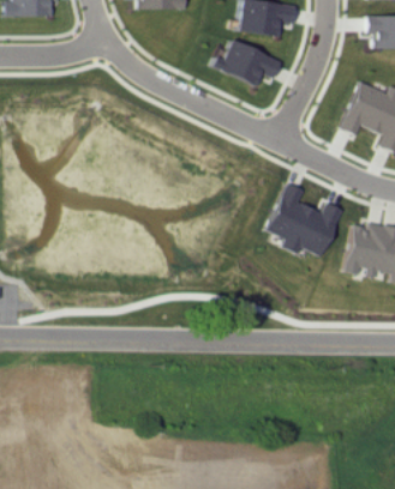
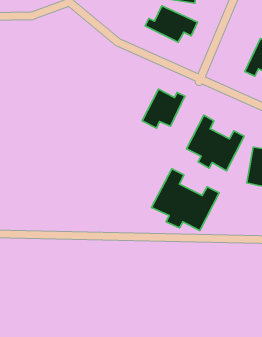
building: none -> [142,89,185,128]
building: none -> [151,169,219,231]

